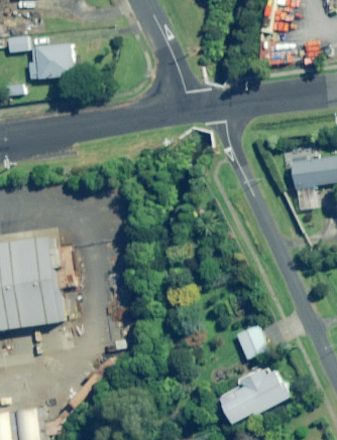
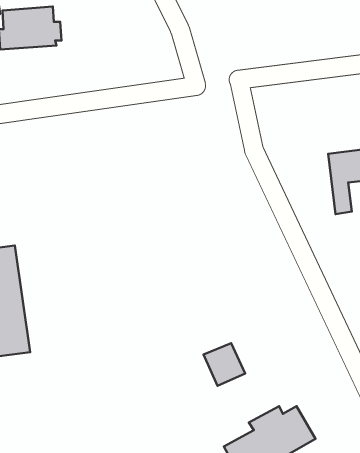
building: [238,326,271,360] -> [204,343,245,386]

